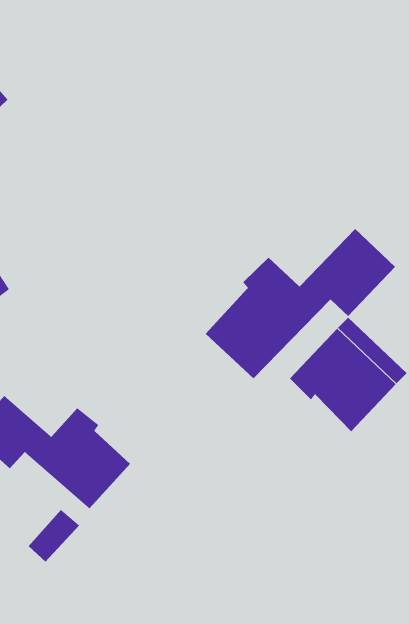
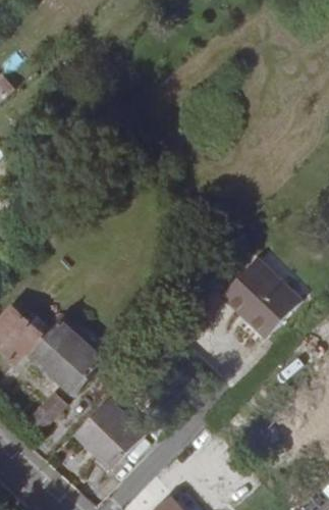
building: [205,228,396,379] -> none
building: none -> [71,400,142,470]

